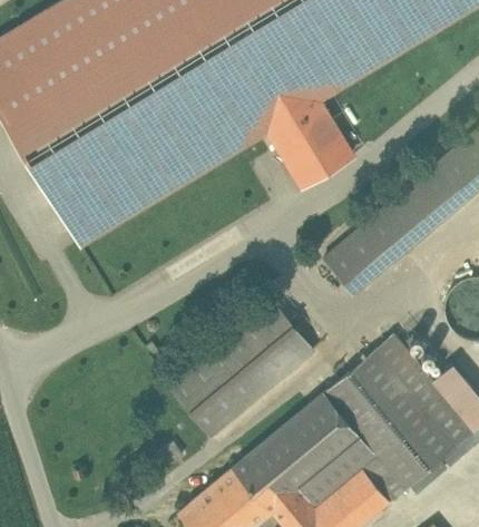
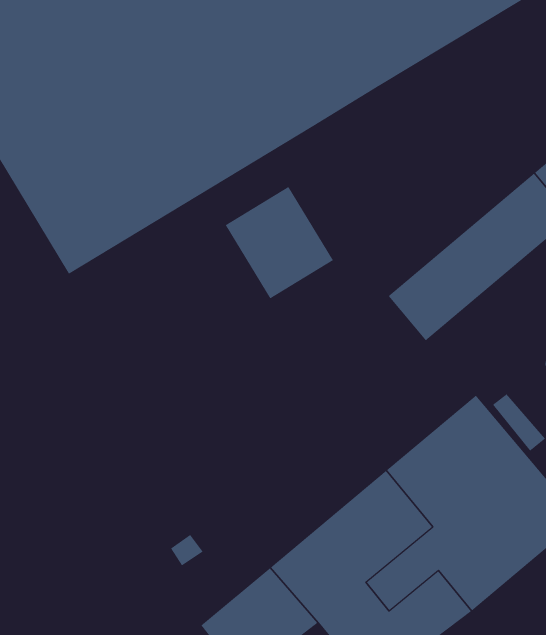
building: [268,98,352,185] -> [225,186,334,299]
building: [170,301,313,435] -> none

